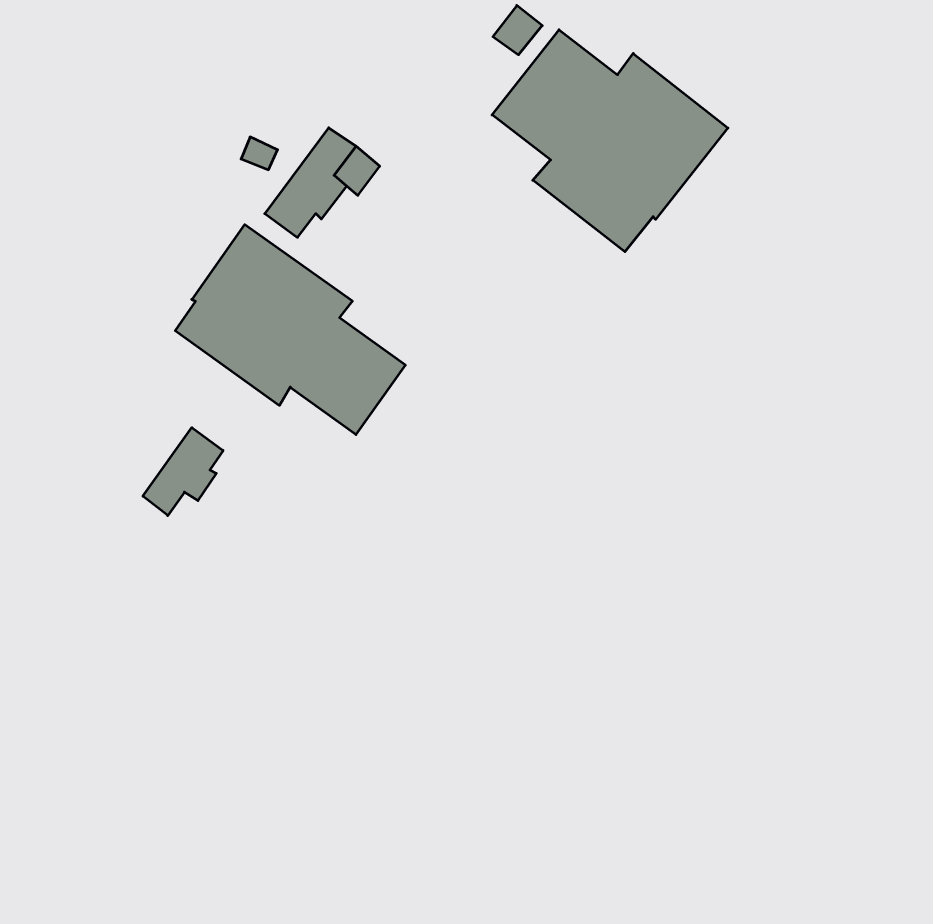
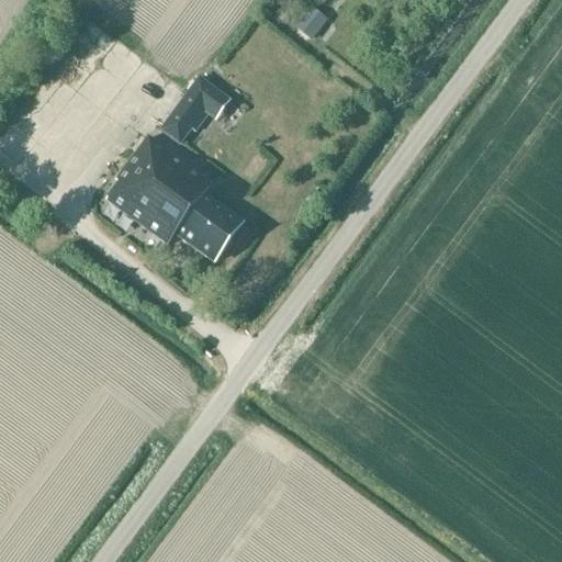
building: [492,30,728,252] -> none
building: [143,428,223,516] -> none

